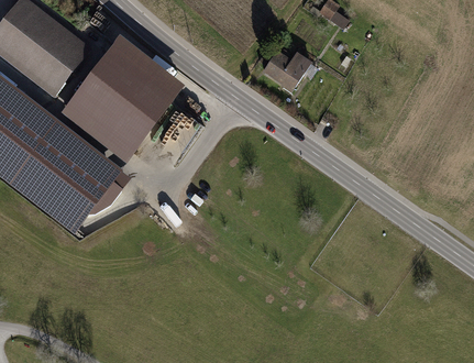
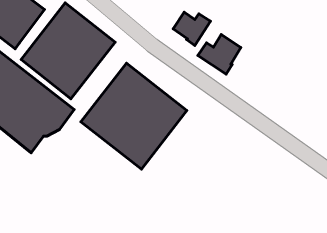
building: none -> [198,35,241,74]
building: none -> [81,63,187,169]

